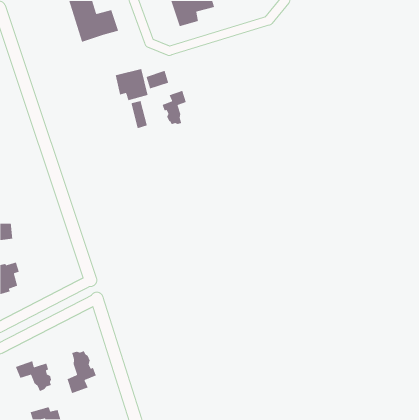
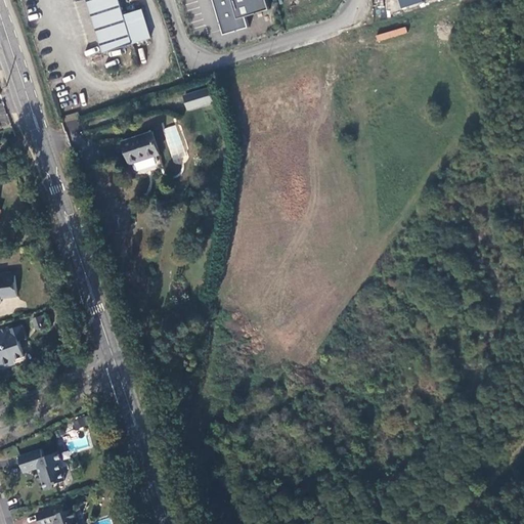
building: [115,68,148,101] -> [118,132,160,173]
building: [162,90,187,125] -> none
building: [66,350,97,394] -> none

